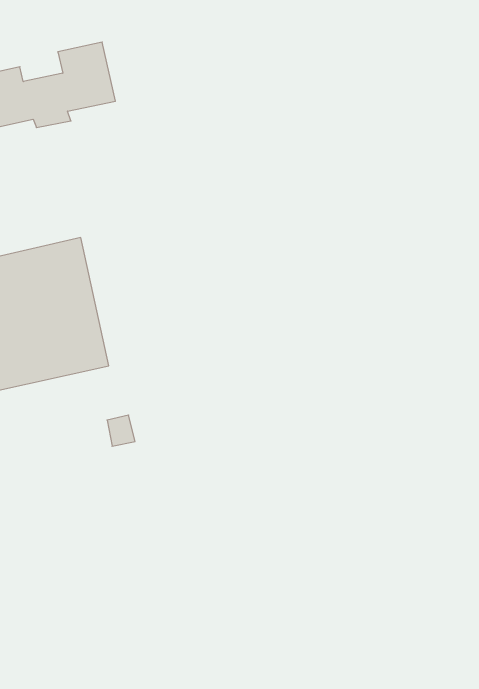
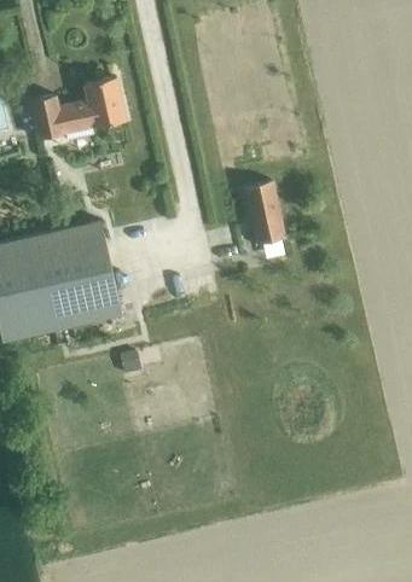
building: none -> [245,181,286,244]

